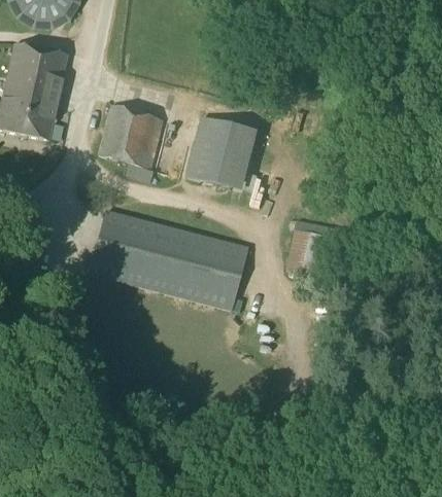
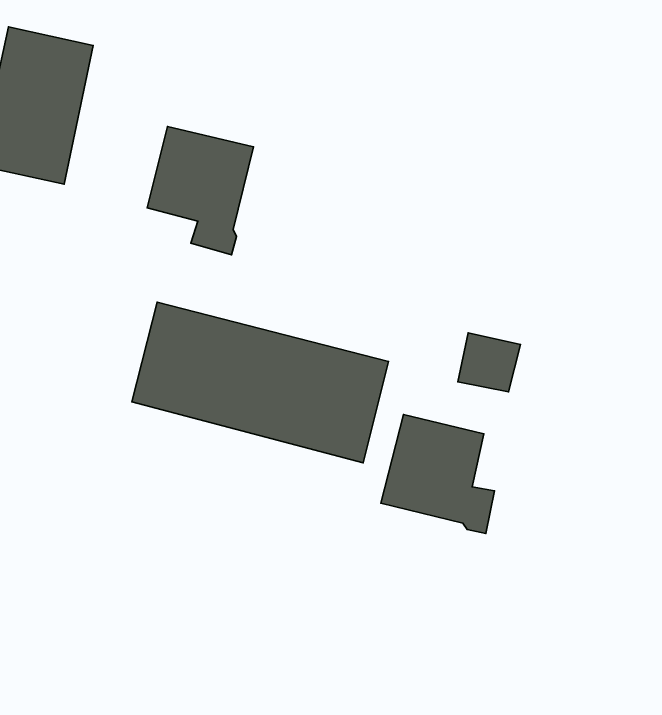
building: [186,116,258,191] -> none
building: none -> [381,414,494,534]

